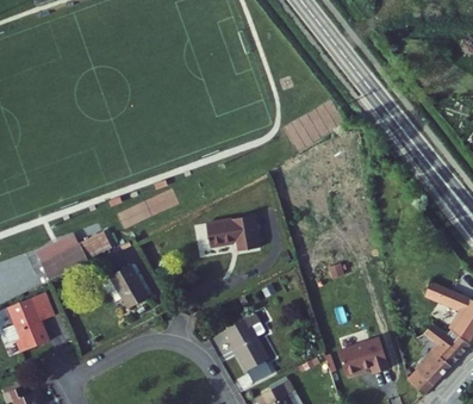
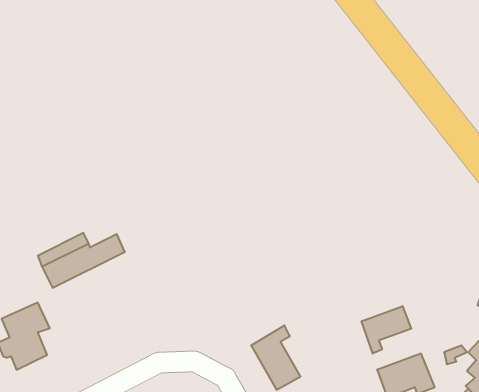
building: [206,213,261,250] -> none
building: [104,267,150,310] -> none
building: none -> [362,306,411,354]

